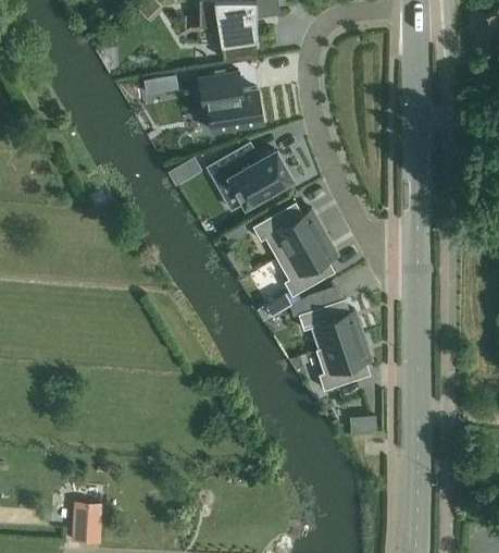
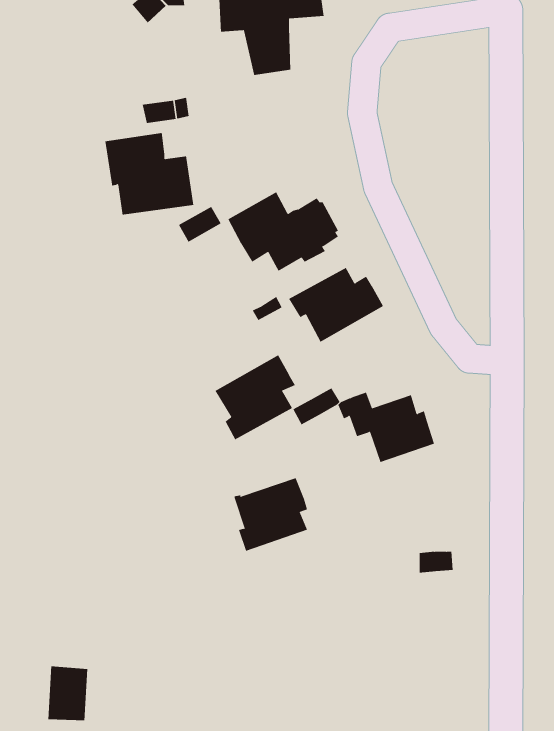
building: [197,71,264,133] -> [104,133,194,215]
building: [276,232,337,296] -> [215,355,296,440]
building: [315,335,371,391] -> [234,477,308,551]

